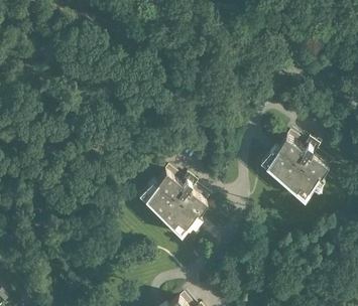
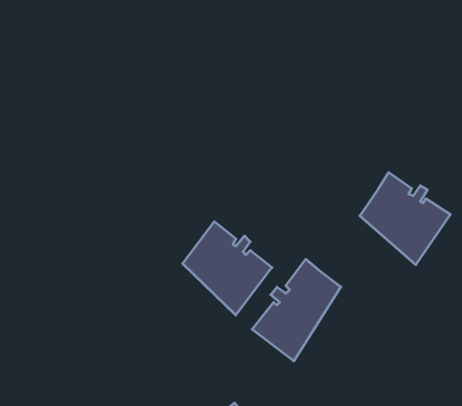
building: none -> [252,259,341,361]

